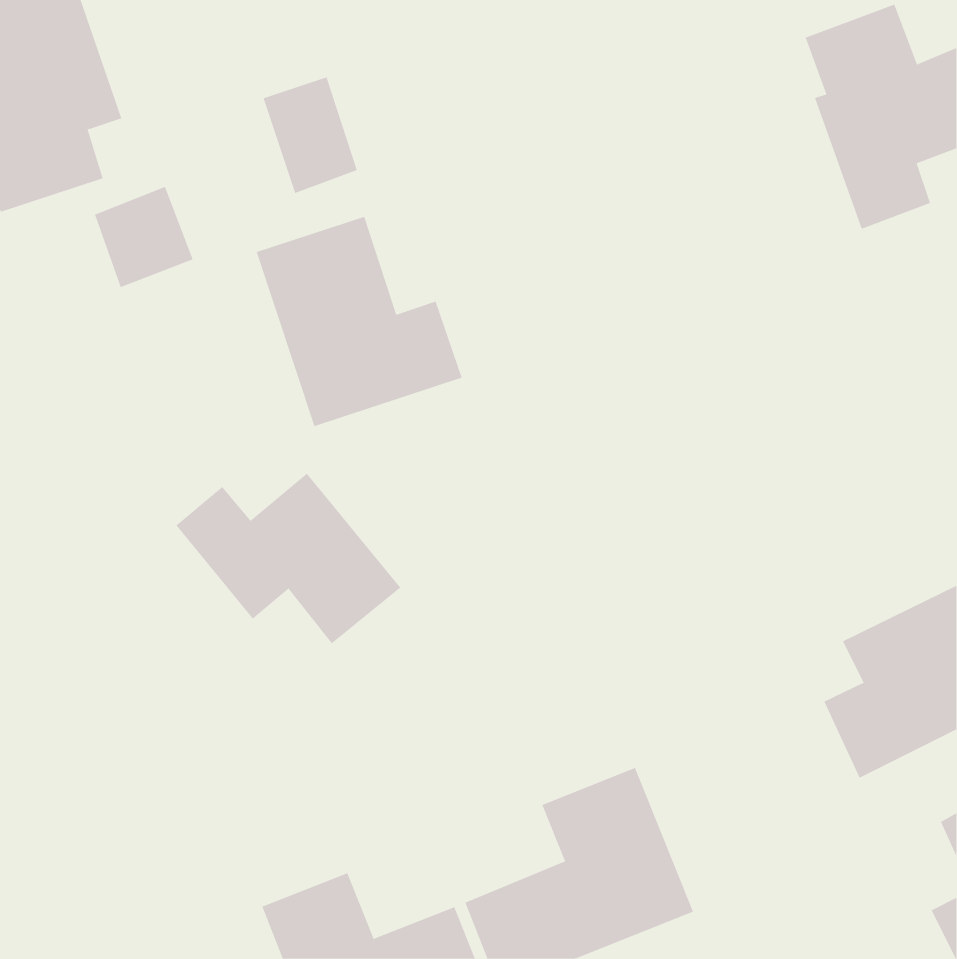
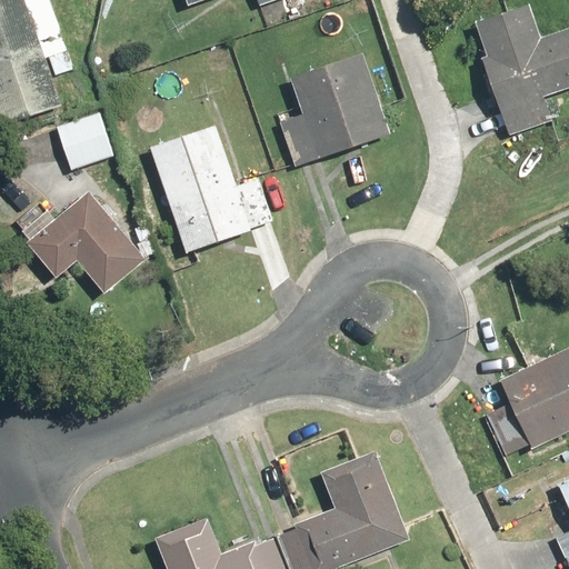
building: [263,77,358,194] -> none
building: none -> [279,56,390,166]
building: [175,473,401,644] -> [11,192,144,293]

